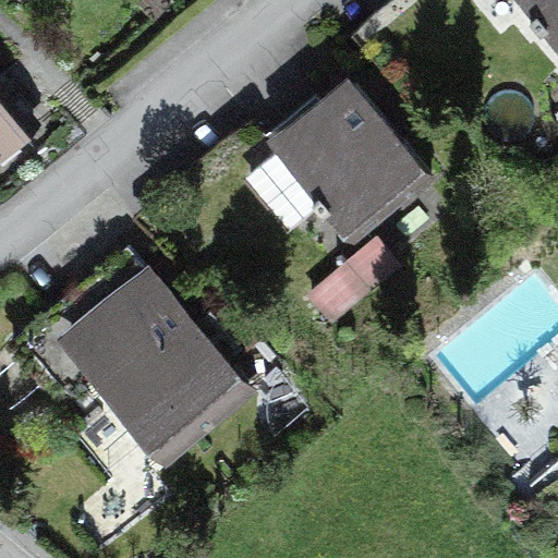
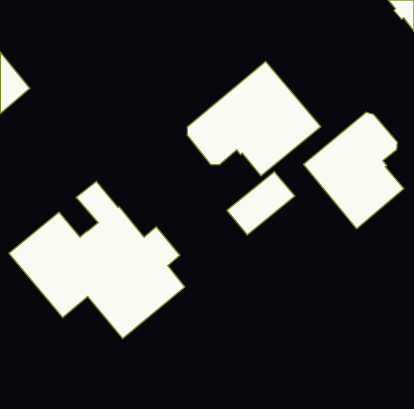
building: none -> [304,112,404,229]

